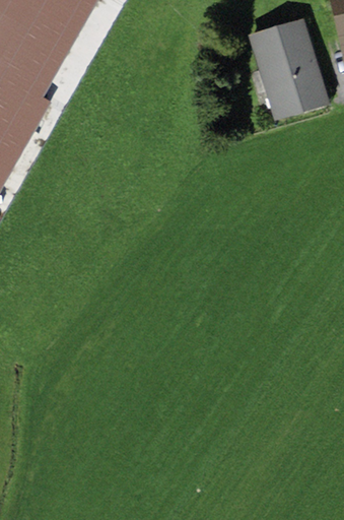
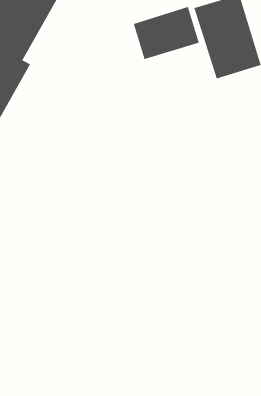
building: none -> [133,6,200,60]

